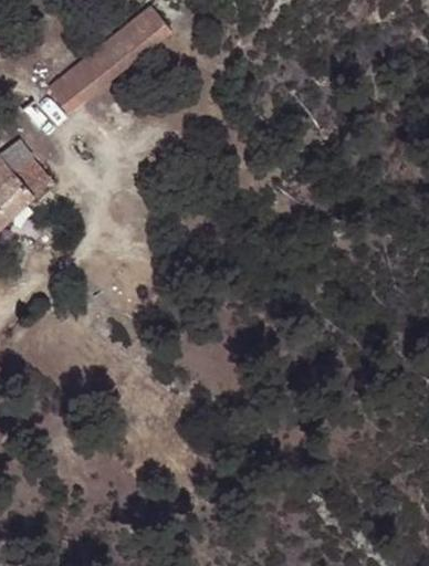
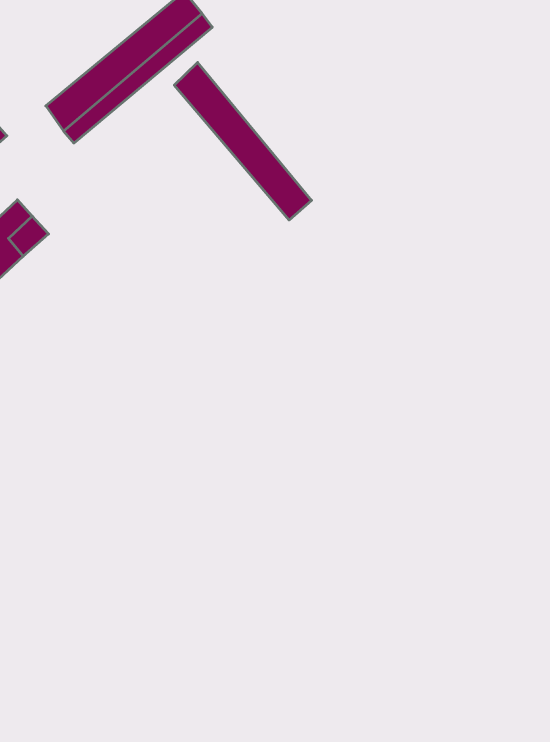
building: none -> [174,62,312,220]

